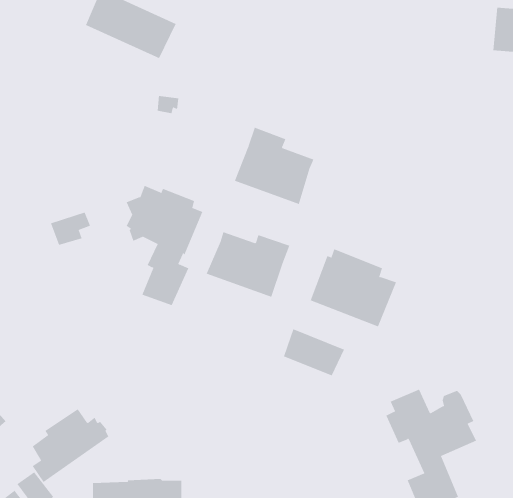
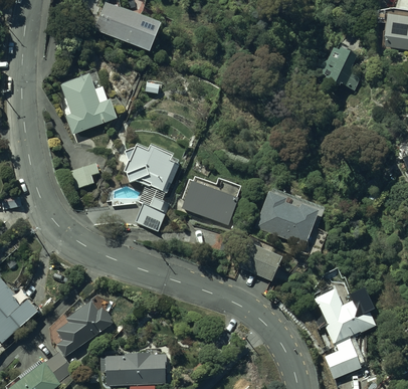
building: none -> [318,51,360,88]
building: none -> [60,74,116,132]
building: [234,127,314,205] -> none

